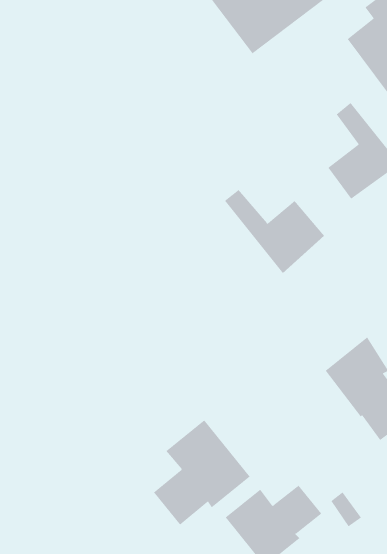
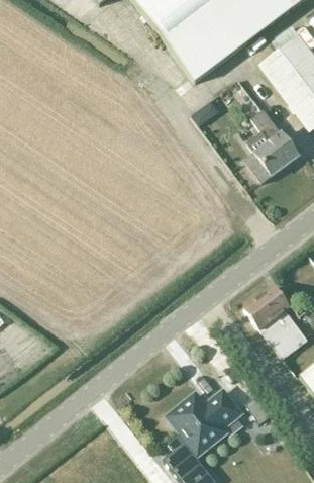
building: [224,189,325,274] -> none
building: [153,420,251,526] -> none

